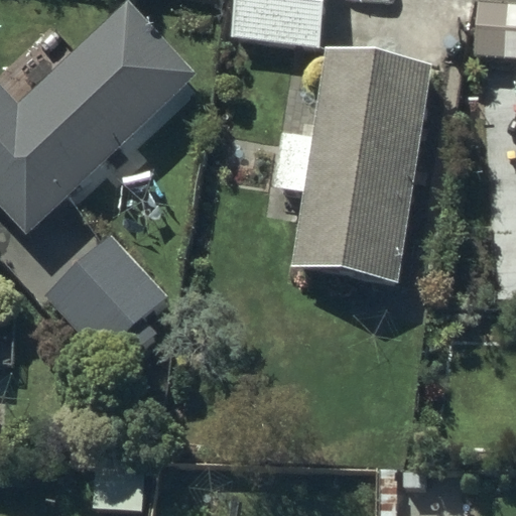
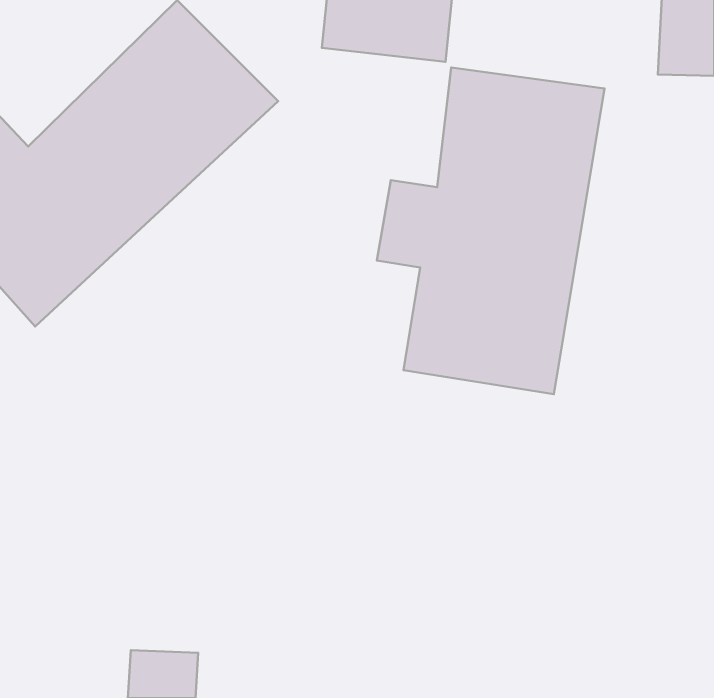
building: [45,232,168,369] -> none

